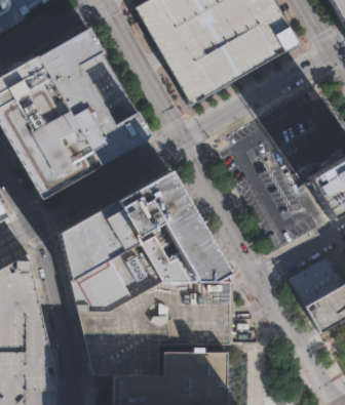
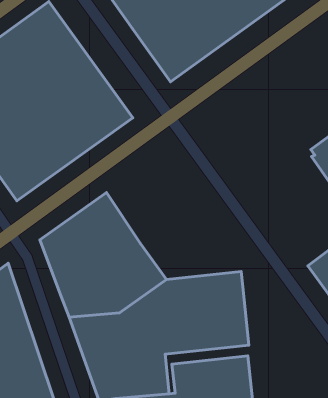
building: [121,169,231,278] -> none

